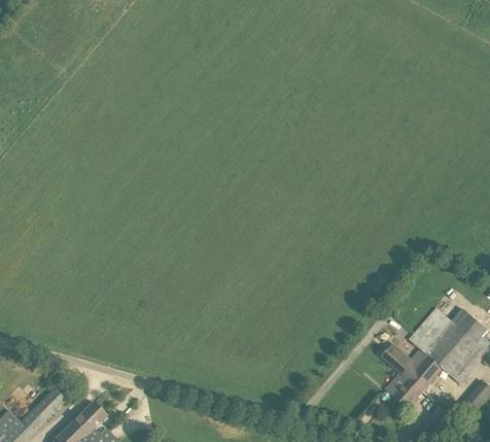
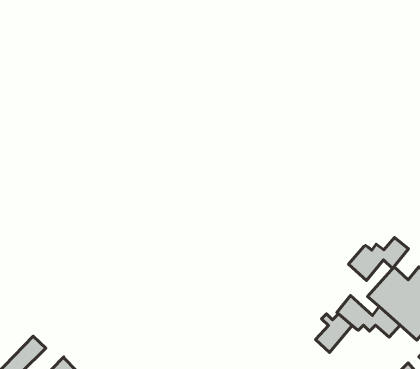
building: none -> [348,237,409,281]
building: [391,369,429,409] -> [316,314,352,352]

